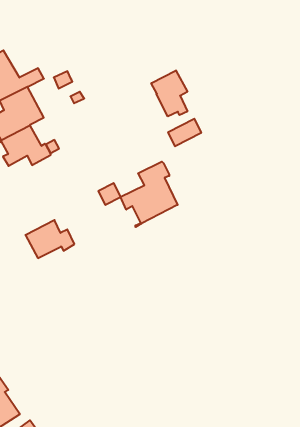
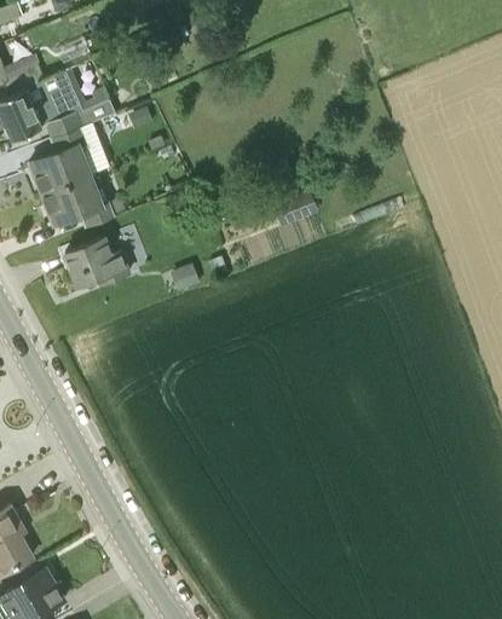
building: [151,70,187,116] -> none
building: [121,162,178,227] -> none
building: [25,220,74,258] -> [63,238,127,287]

